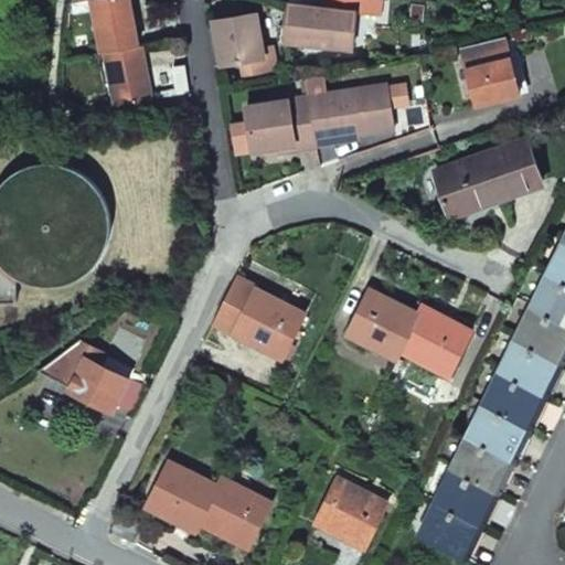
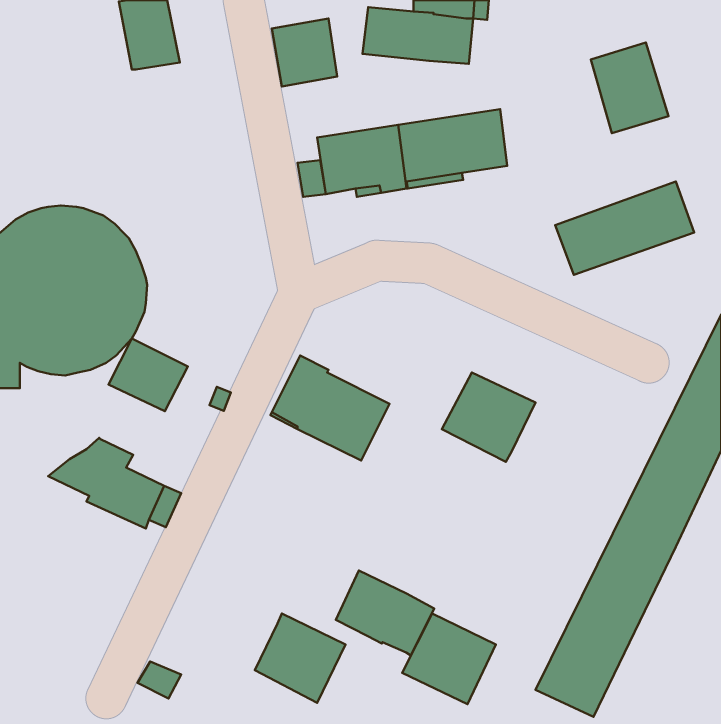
building: [106,47,153,108] -> none
building: none -> [109,339,188,411]
building: [398,307,470,377] -> none
building: none -> [336,571,434,656]
building: [145,461,216,531] -> none

